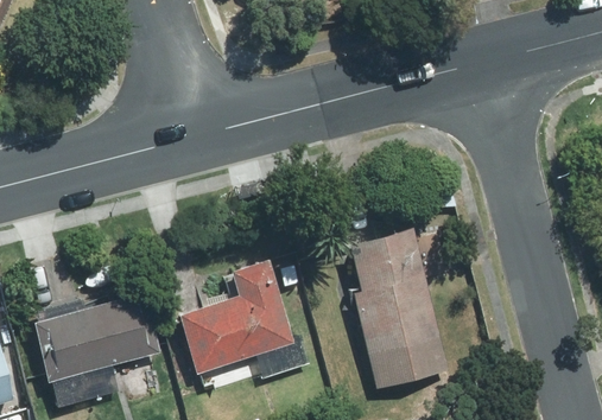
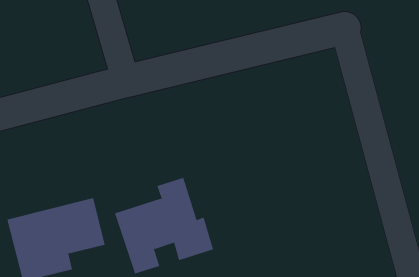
building: [338,222,450,392] -> none

